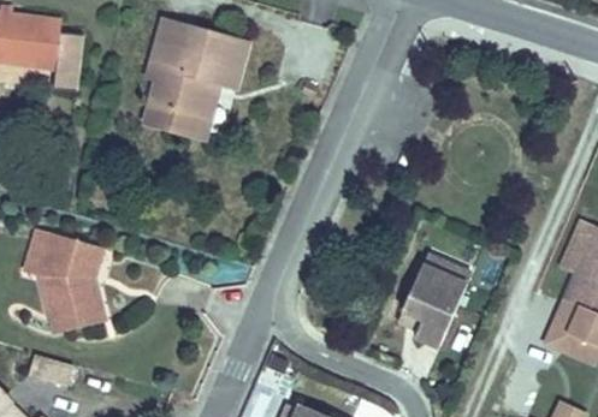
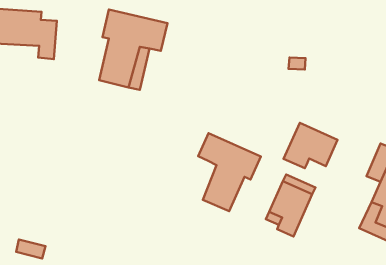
building: none -> [284,123,338,168]
building: none -> [198,133,261,211]
building: [32,237,99,333] -> none

